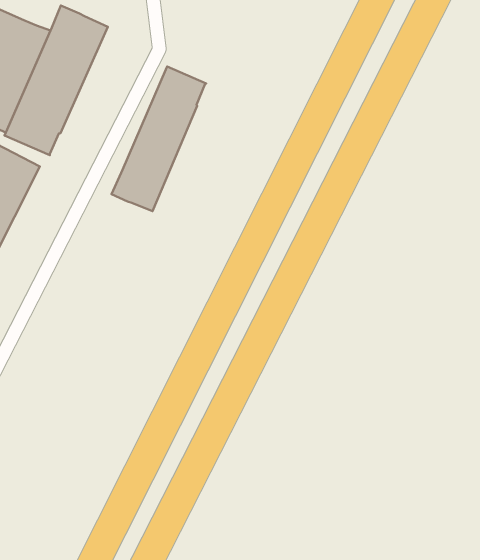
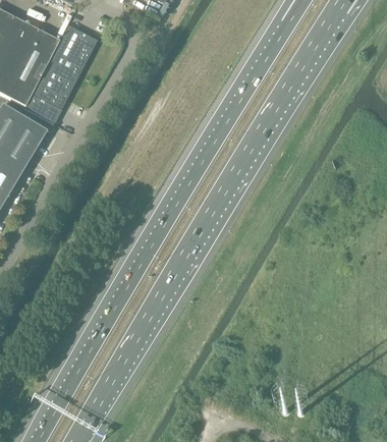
building: [112,66,206,211] -> none

